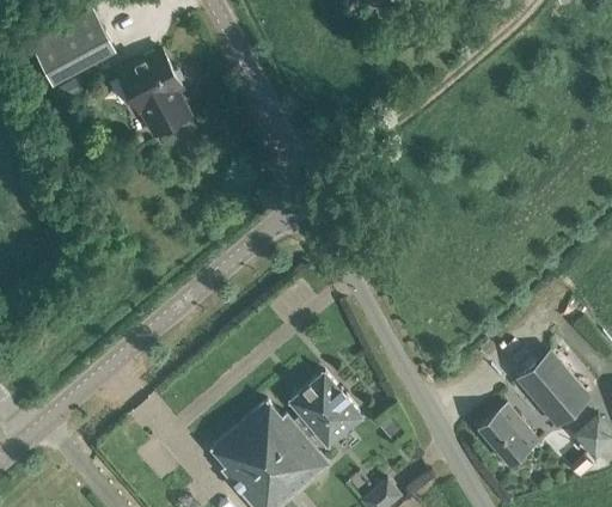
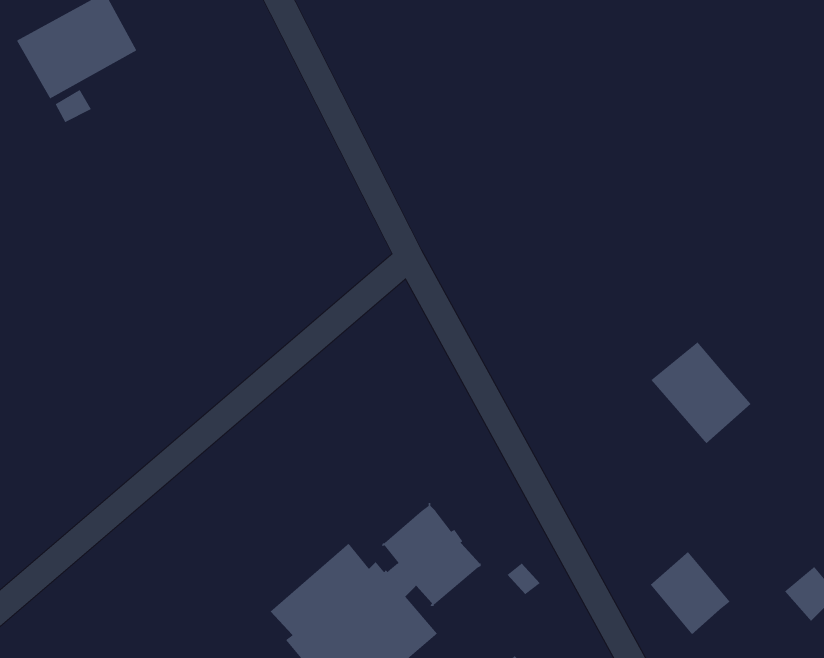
building: [117,50,189,136] -> none
building: [516,353,588,426] -> [651,342,751,444]

